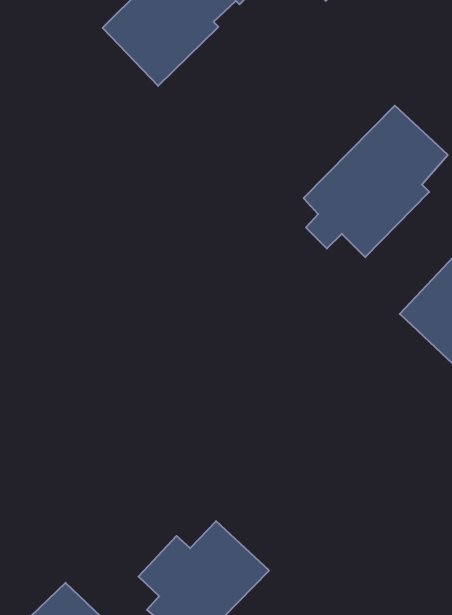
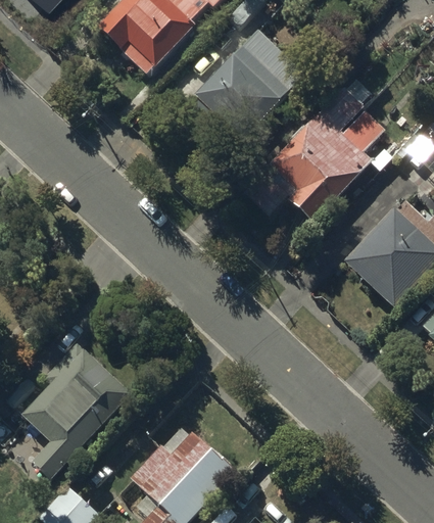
building: none -> [190,27,299,138]
building: none -> [22,343,132,480]

